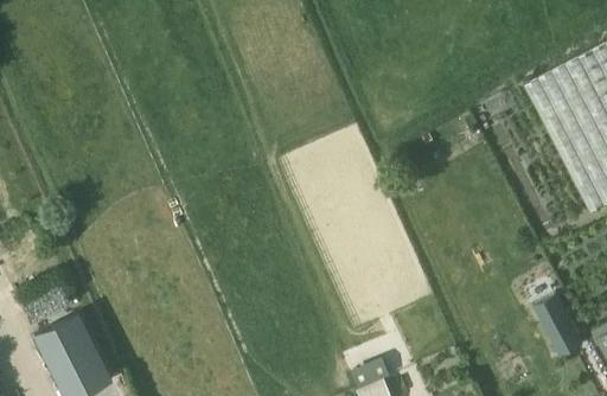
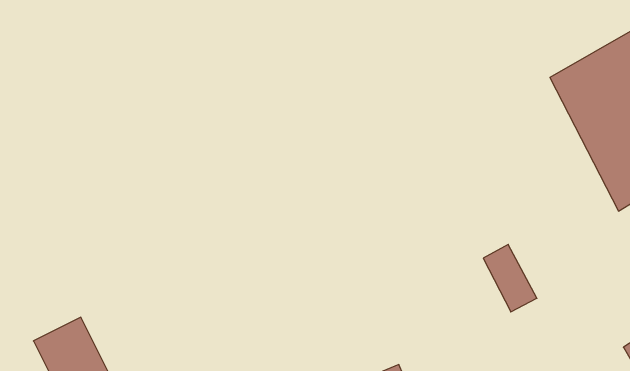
building: [532,293,583,357] -> [483,244,537,312]

